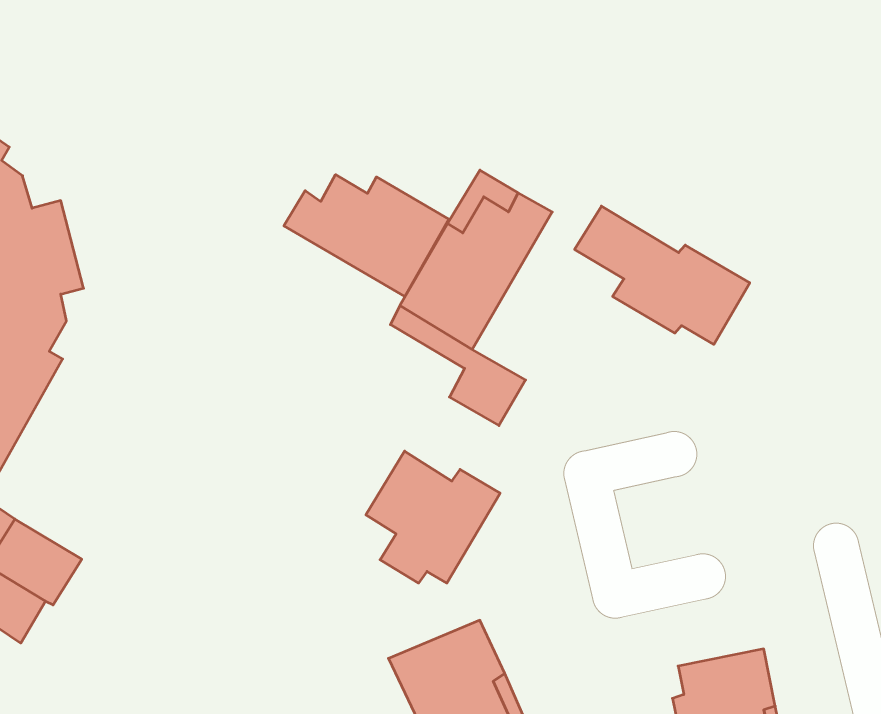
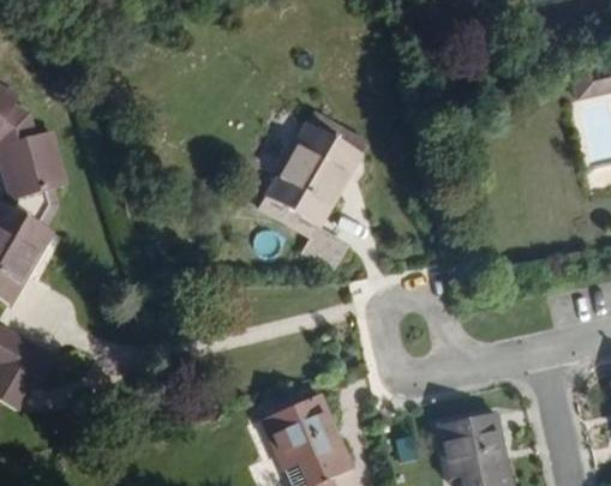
building: [284,175,449,297] -> none
building: [575,206,750,344] -> none
building: [366,451,500,583] -> none

